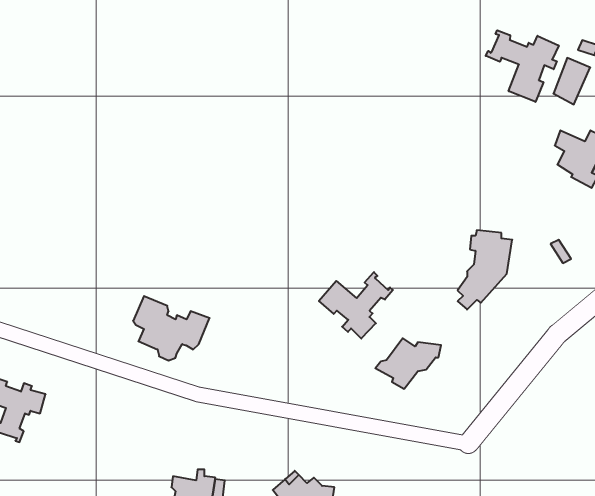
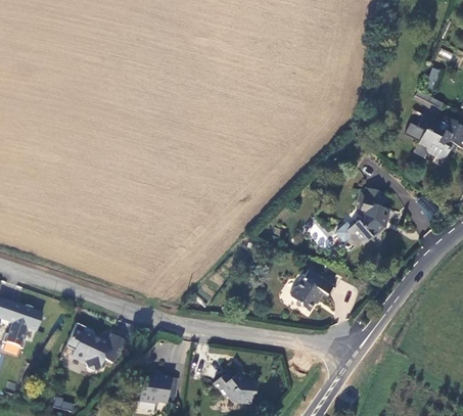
building: [486,30,559,102] -> none
building: [319,272,393,339] -> none
building: [133,296,210,360] -> [66,322,124,370]

